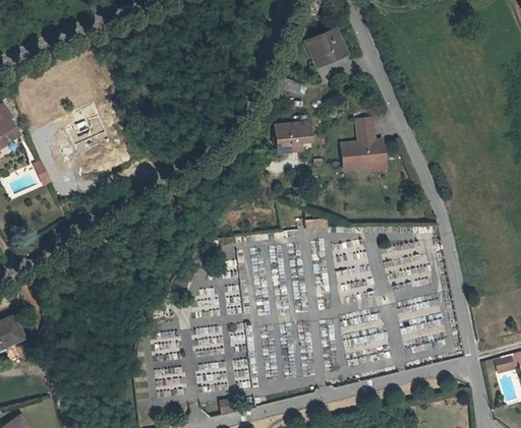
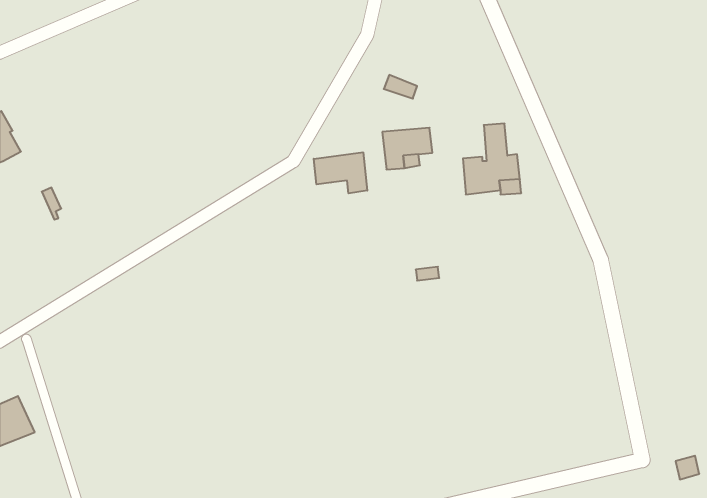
building: [306,30,344,65] -> none
building: none -> [314,152,367,193]

